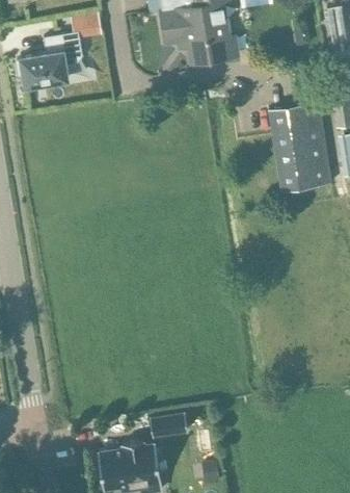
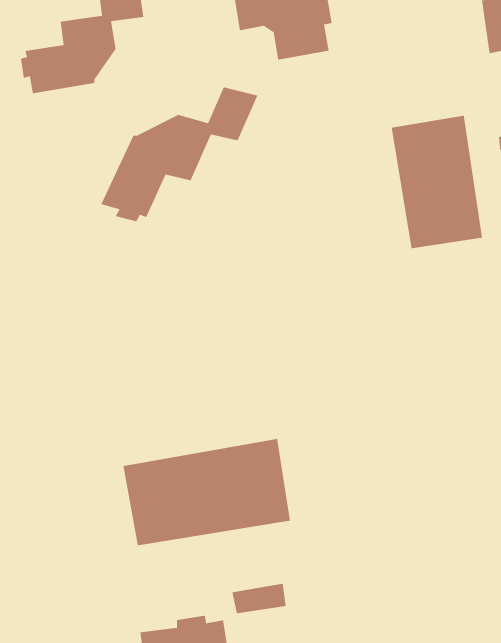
building: none -> [101,87,258,222]
building: none -> [123,438,290,546]

